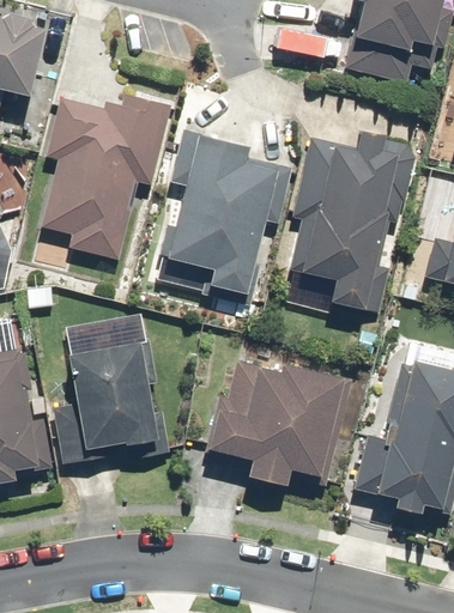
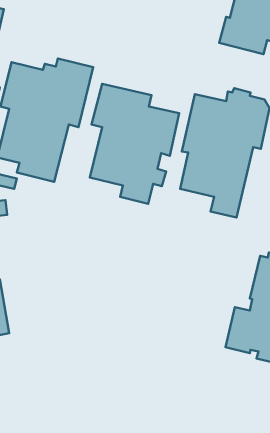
building: [49,312,170,467] -> none
building: [207,356,351,482] -> none

